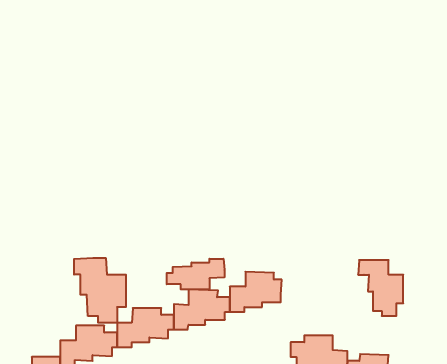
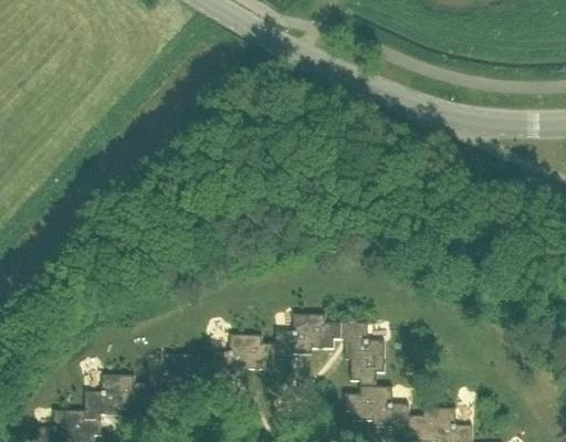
building: [74,258,126,323] -> none
building: [167,259,224,289] -> none
building: [358,260,403,316] -> [334,323,385,386]

